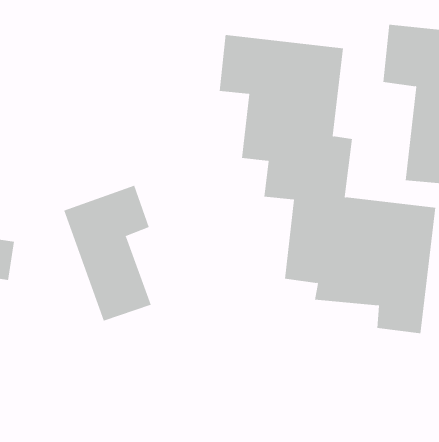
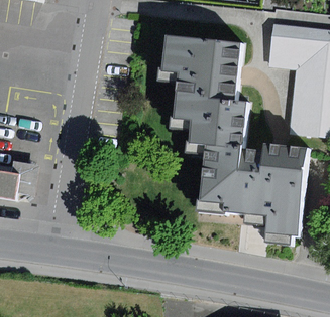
building: [63,185,151,322] -> none

